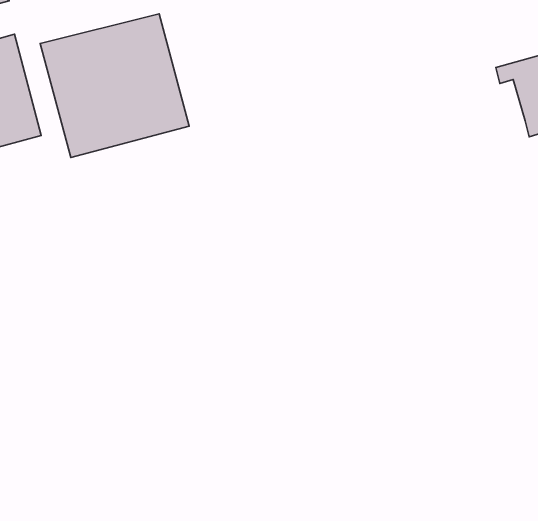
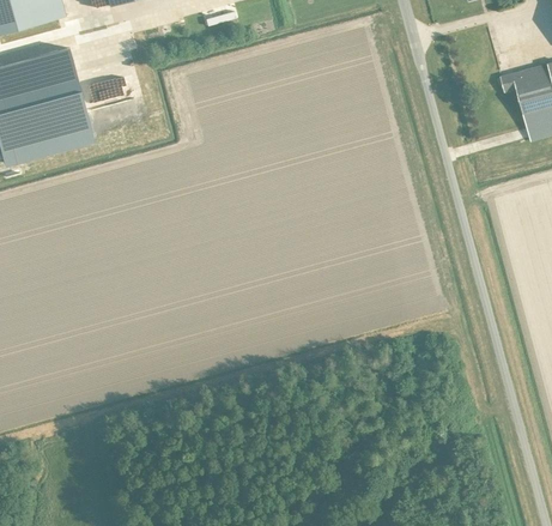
building: [40,14,189,157] -> none

